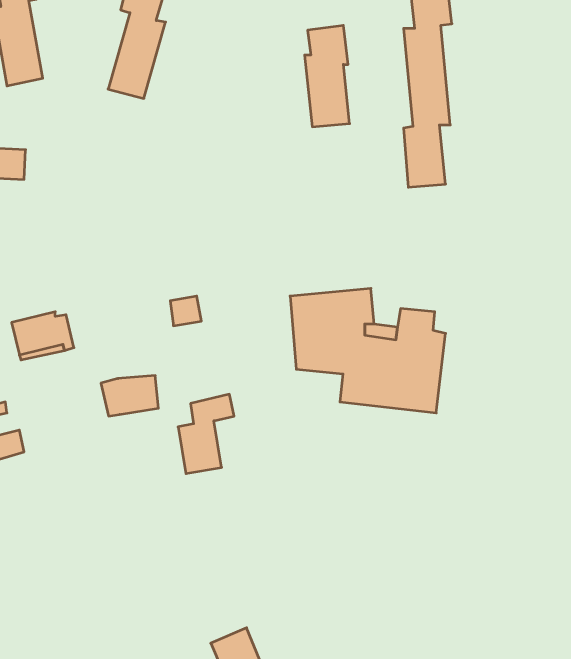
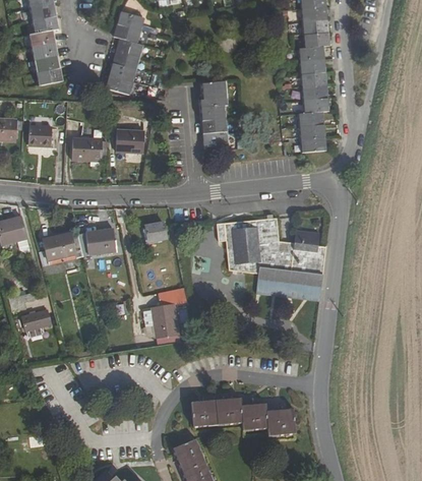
building: [305,25,350,127] -> [198,80,228,146]
building: none -> [115,130,142,153]
building: none -> [71,138,101,161]
building: [101,376,158,416] -> [77,230,115,256]
building: none -> [191,399,295,436]

